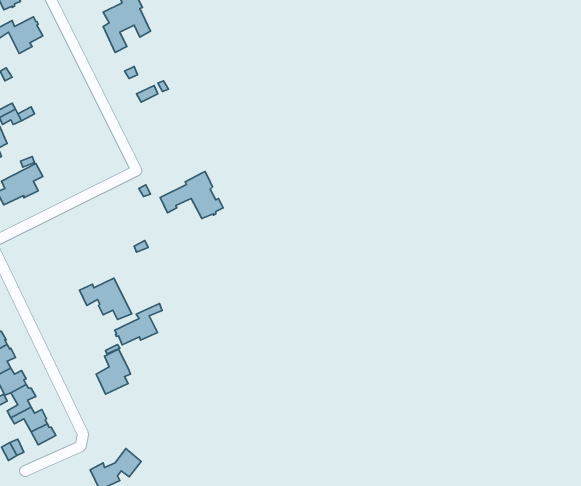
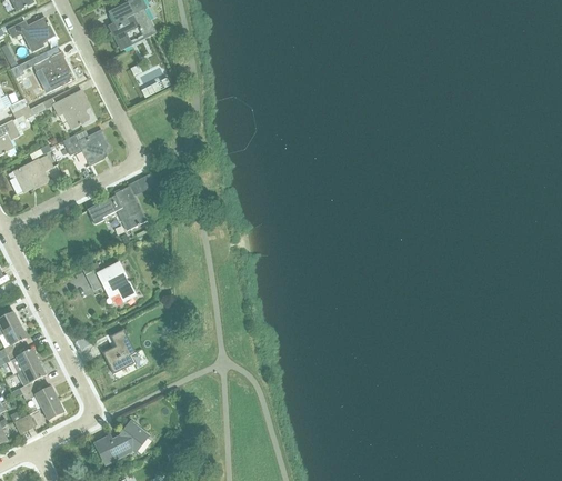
building: none -> [31,50,73,89]
building: none -> [51,90,94,129]
building: none -> [61,130,110,164]
building: [160,171,223,219] -> [87,184,145,229]
building: [115,304,162,345] -> none

